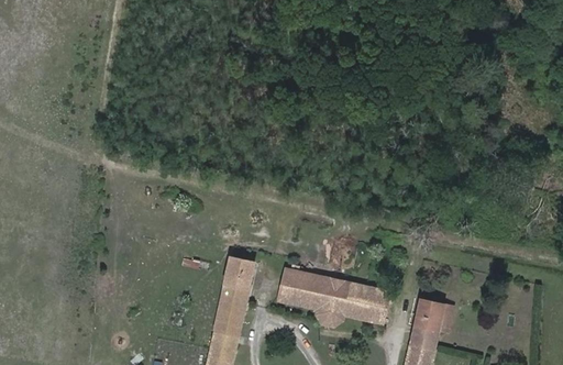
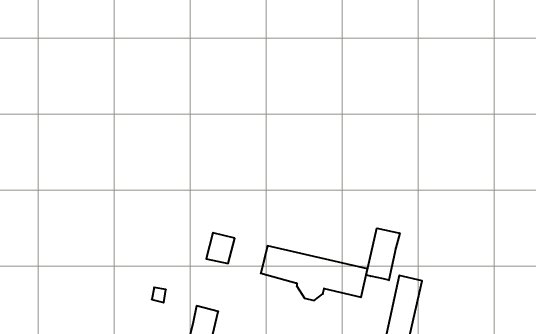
building: none -> [366,228,400,280]
building: [216,281,247,334] -> none

